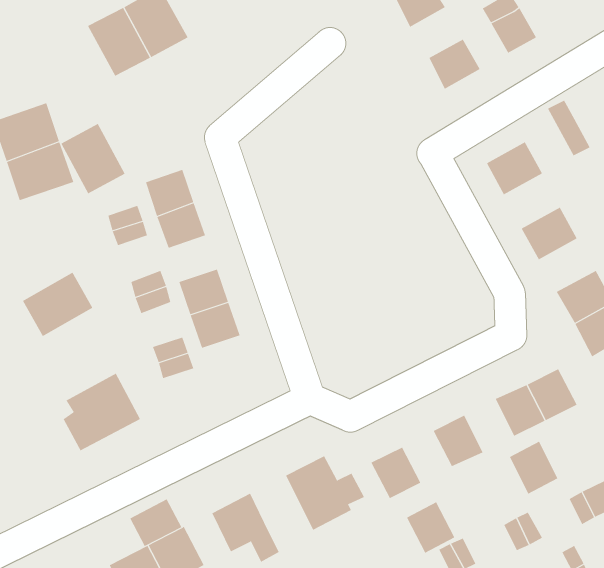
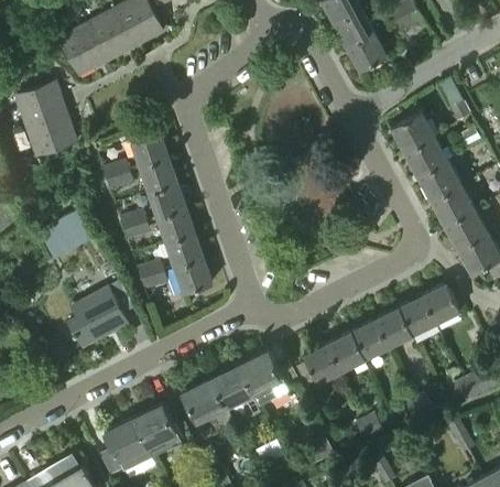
building: none -> [333,9,373,47]
building: [60,123,126,194] -> [58,23,108,77]
building: none -> [404,136,447,177]
building: none -> [149,183,186,218]
building: none -> [431,185,475,226]
building: none -> [174,259,213,294]
building: [509,441,558,494] -> [374,307,412,348]
building: none -> [211,366,252,409]
building: [129,499,182,547] -> none
building: [406,502,455,554] -> [327,332,365,371]

